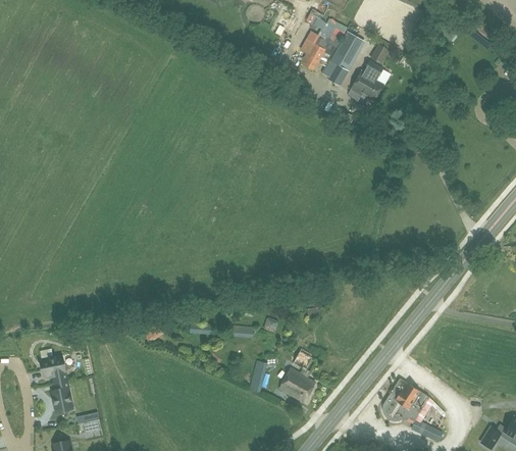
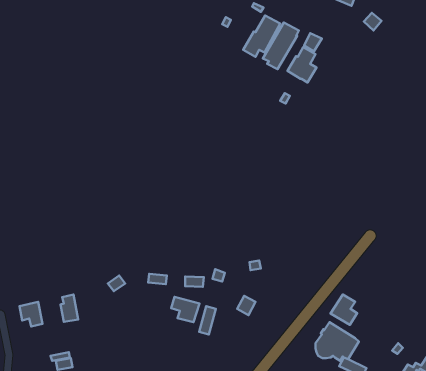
building: none -> [331,295,357,325]
building: none -> [171,297,199,322]
building: [278,368,314,402] -> none
building: [51,381,71,412] -> [60,295,78,322]

